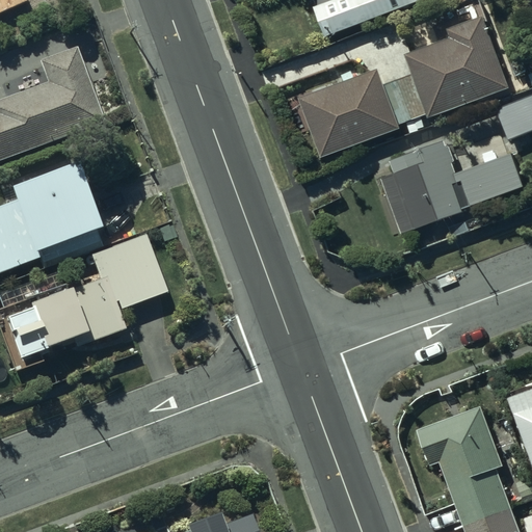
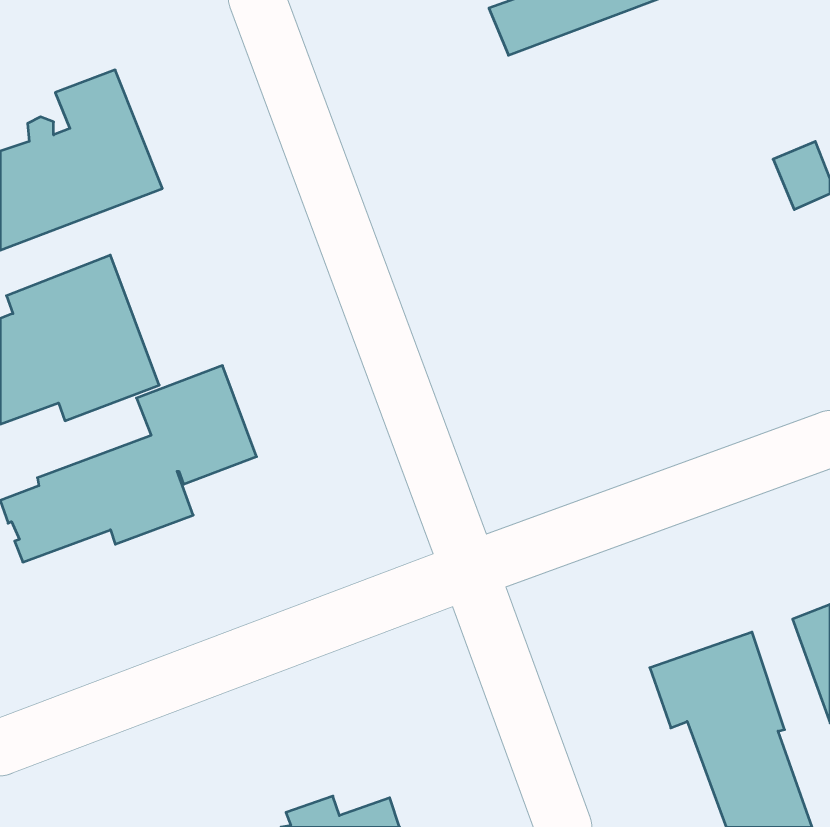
building: [297,16,508,157] -> none
building: [379,140,523,234] -> none

